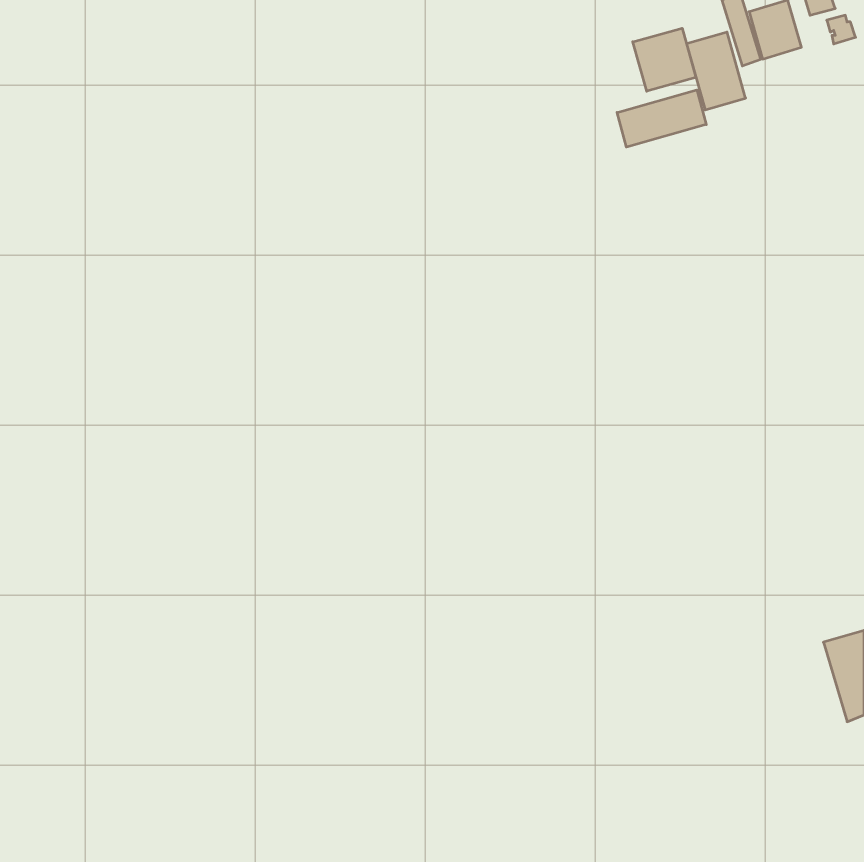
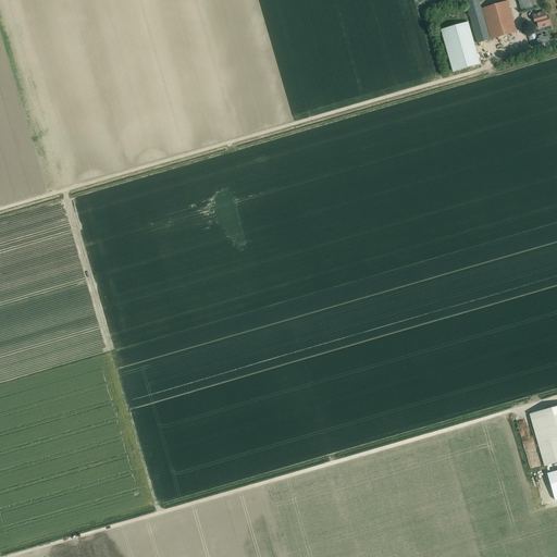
building: [633,28,696,91] -> none
building: [617,90,706,147] -> none

